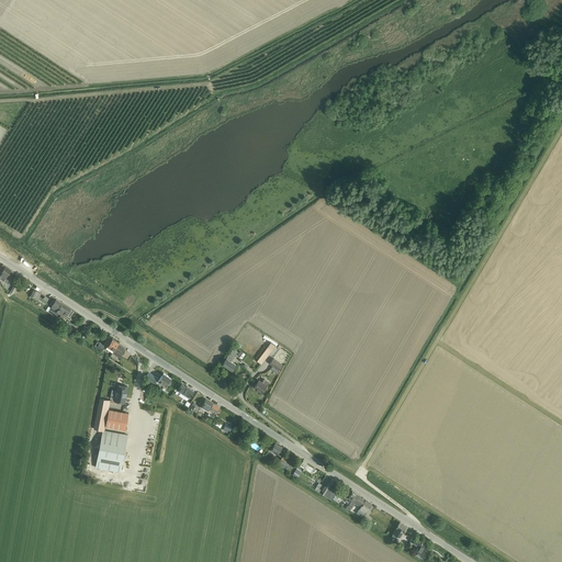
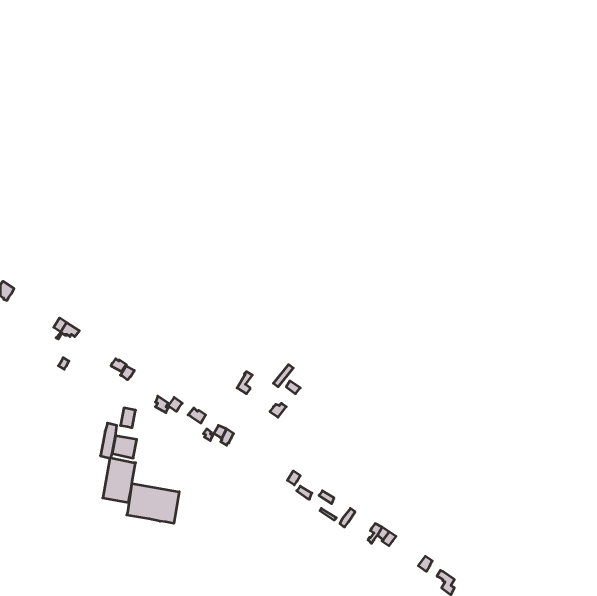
building: none -> [127,483,179,523]

